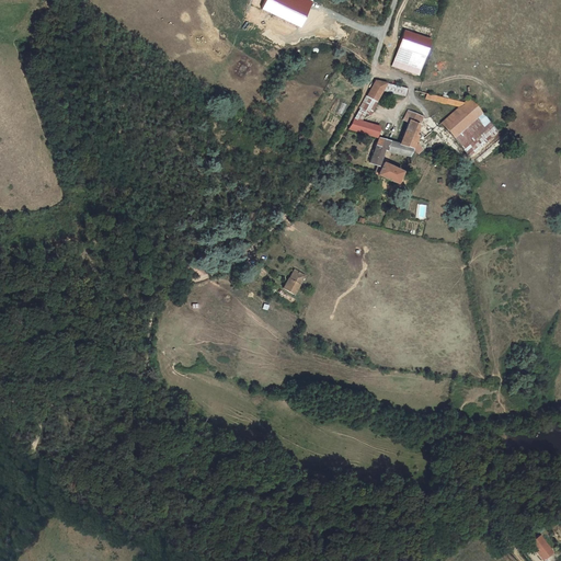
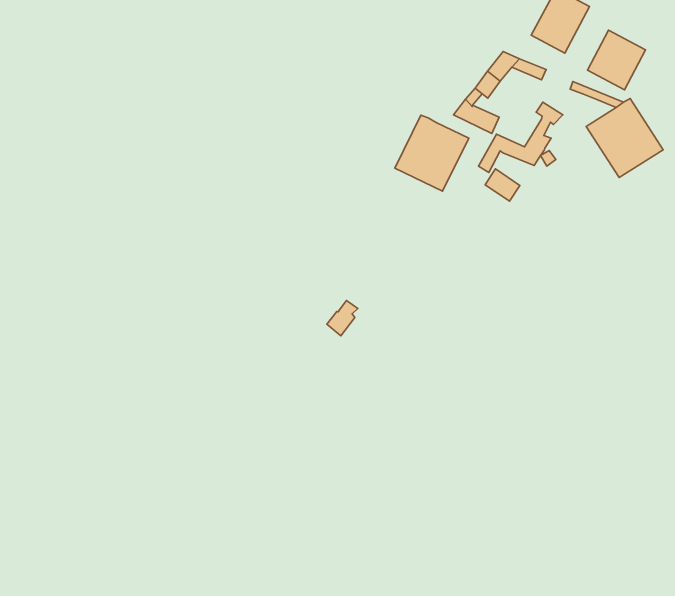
building: none -> [587,30,646,90]
building: none -> [395,115,469,191]

